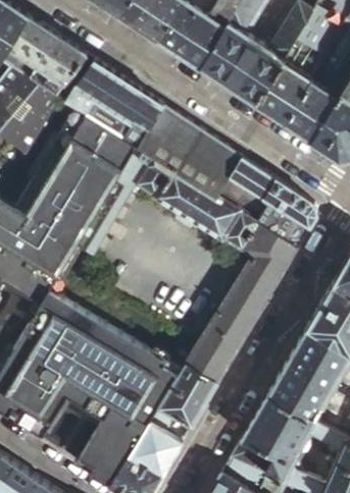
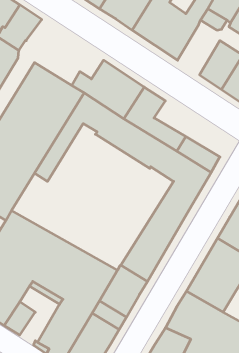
building: [64,61,163,139] -> none
building: [256,62,310,125] -> none
building: [227,158,316,228] -> none

